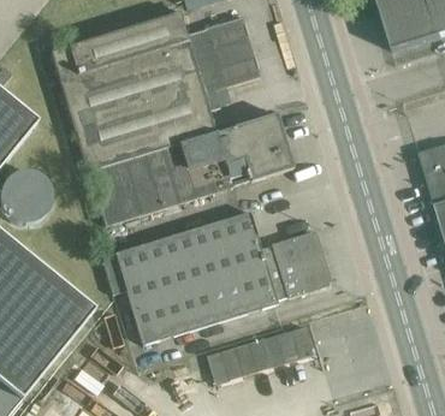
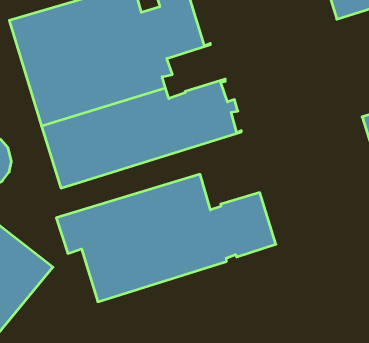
building: [207,325,314,382] -> none

